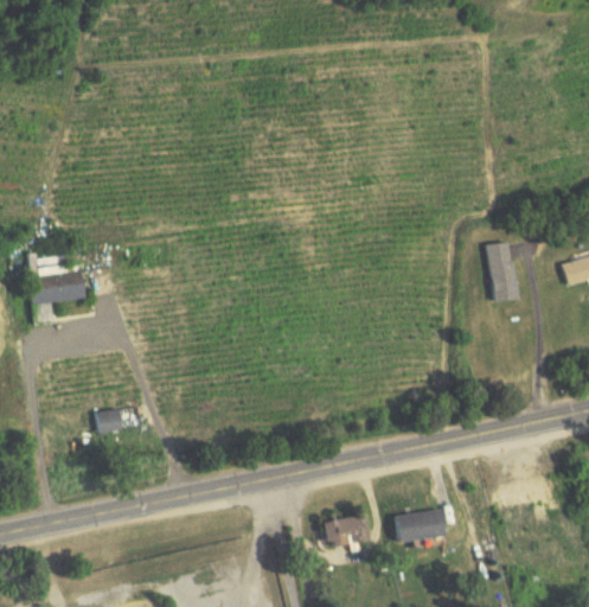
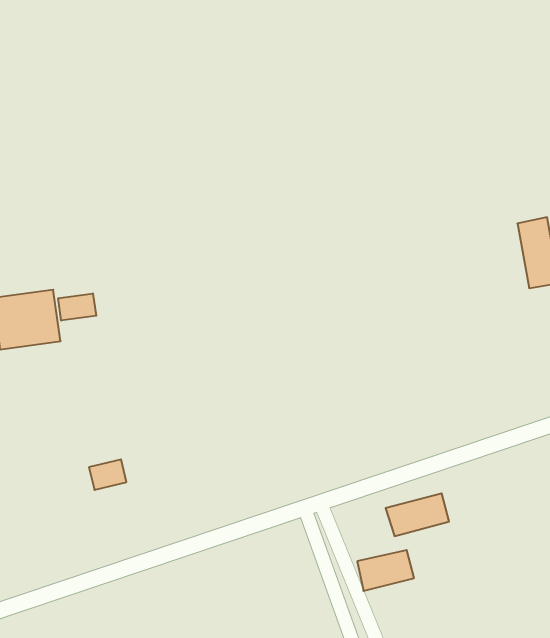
building: none -> [58,293,96,321]
building: [391,509,444,541] -> [386,493,449,536]

